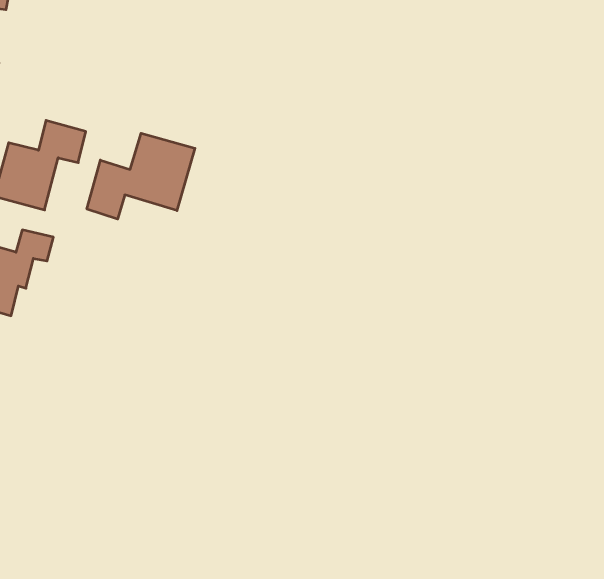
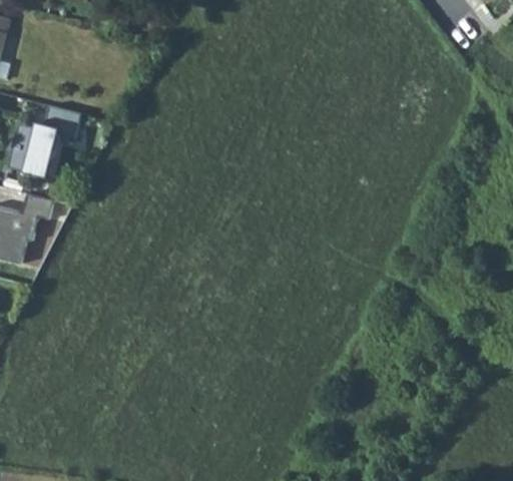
building: [87,133,195,219] -> none

